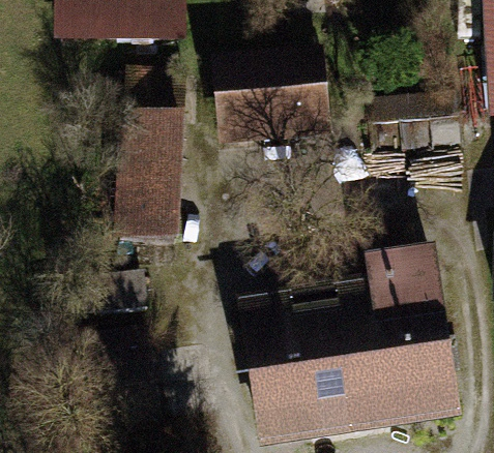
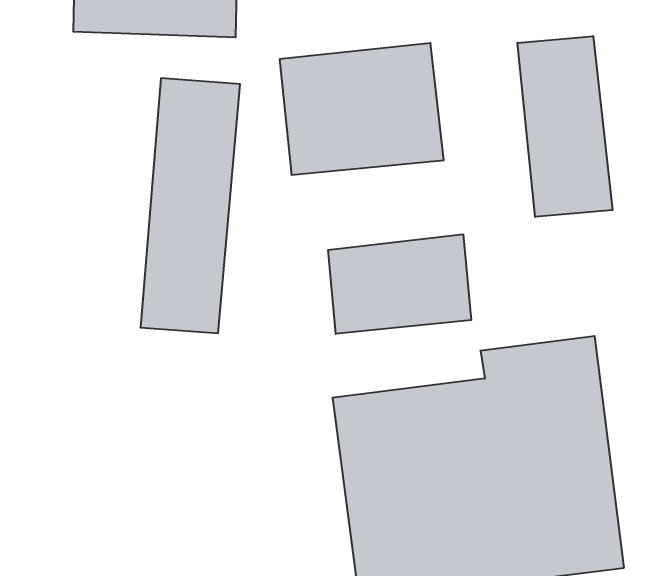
building: none -> [517,36,612,217]
building: none -> [328,234,471,334]

